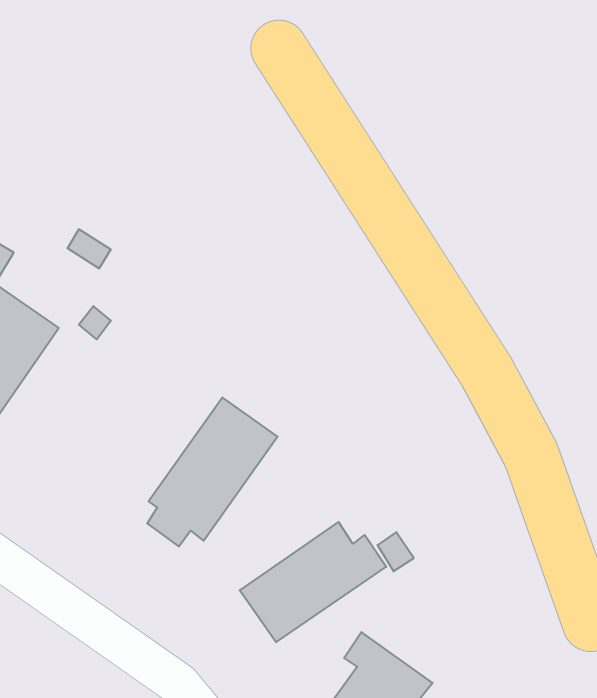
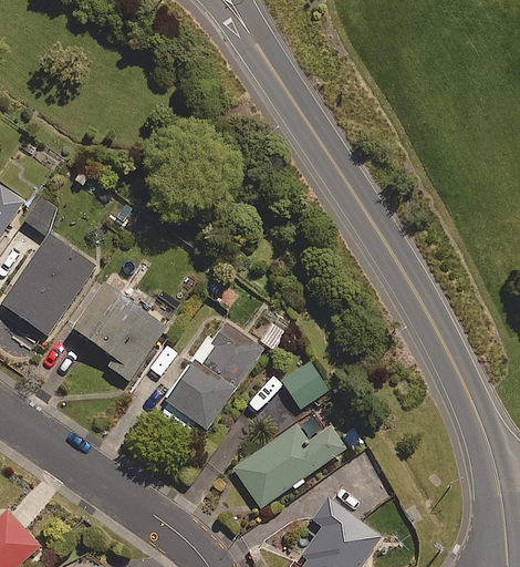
building: none -> [71,281,180,381]
building: none -> [280,360,330,410]

